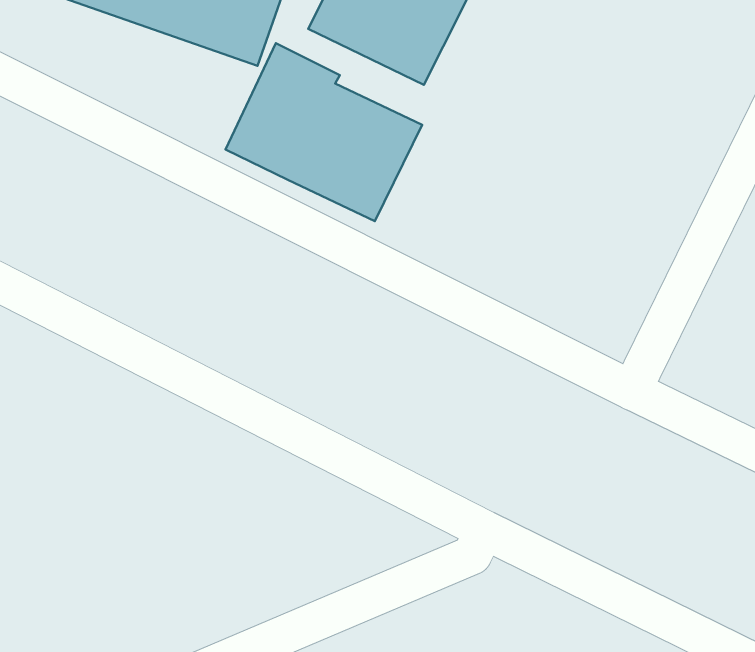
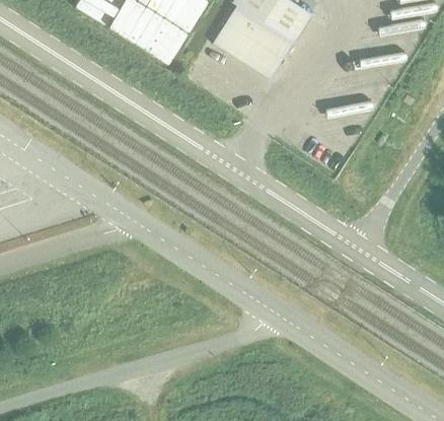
building: [225,43,422,221] -> none

